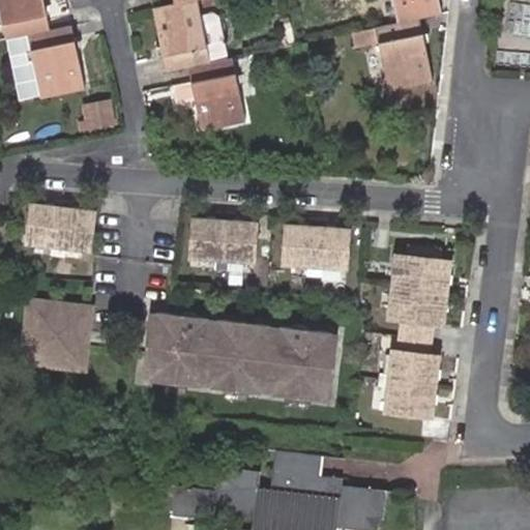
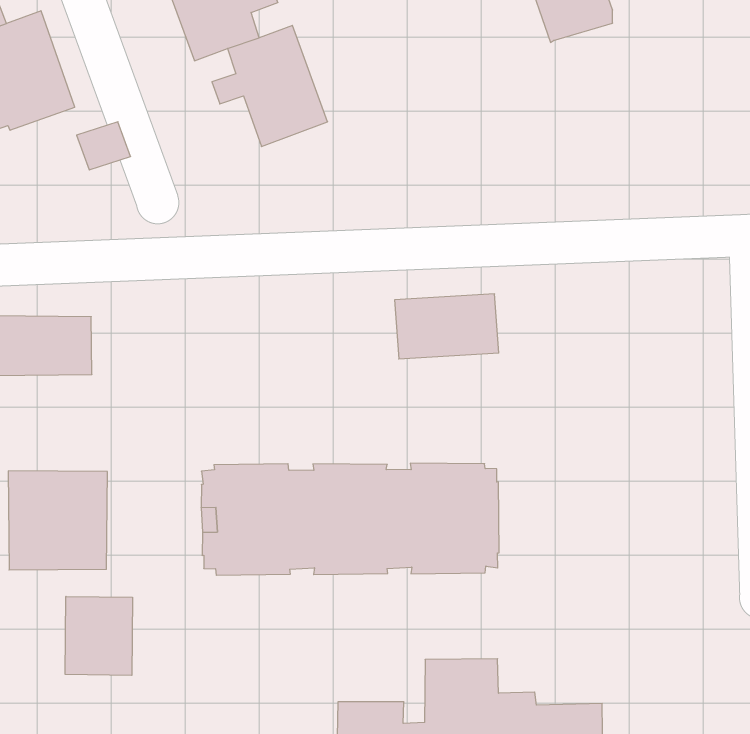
building: [188,219,254,261] -> none
building: [384,247,447,416] -> none
building: none -> [65,596,132,675]

